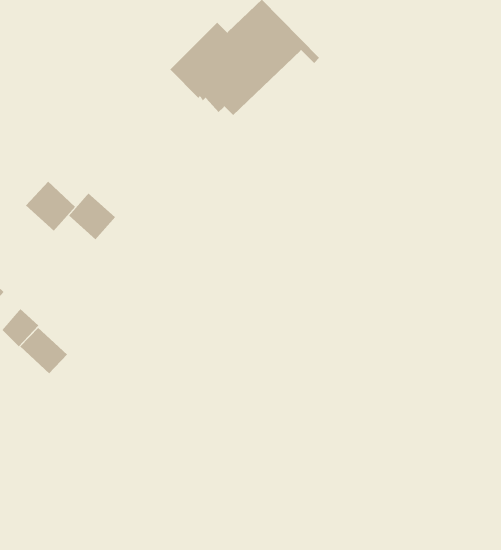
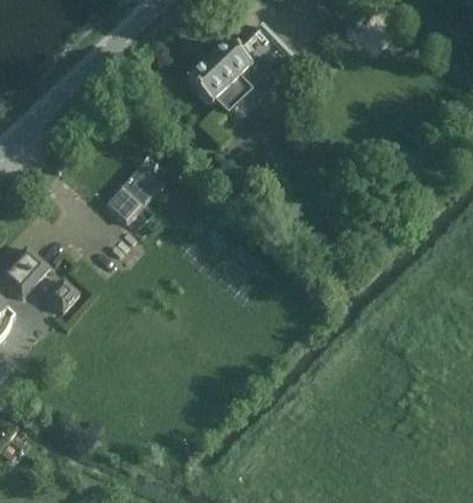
building: [25,181,76,232] -> [121,162,163,204]
building: [20,327,68,374] -> none

